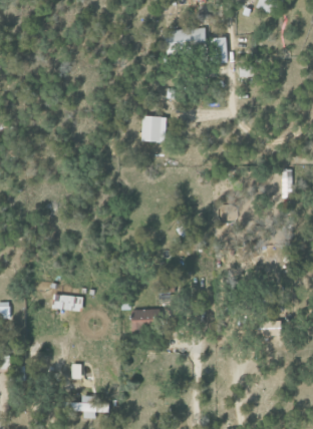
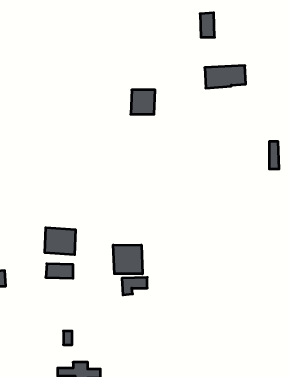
building: [165,28,207,51] -> [205,66,246,88]
building: none -> [45,228,75,255]
building: none -> [113,245,142,274]

